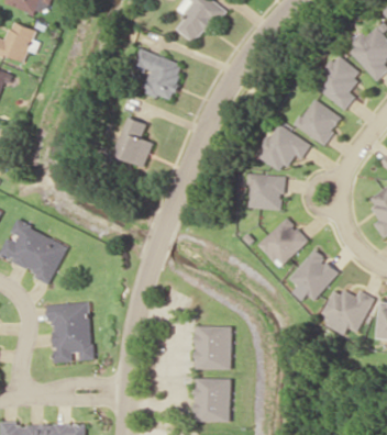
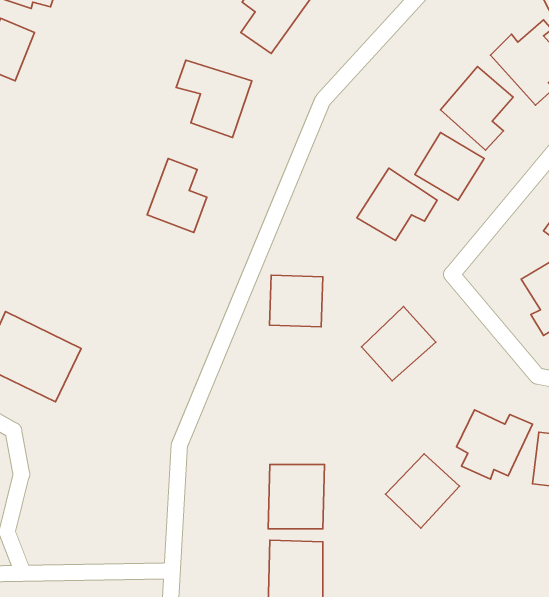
building: [247,175,284,210] -> [270,275,323,327]
building: [289,250,340,301] -> [385,454,460,528]
building: [49,303,92,362] -> none

